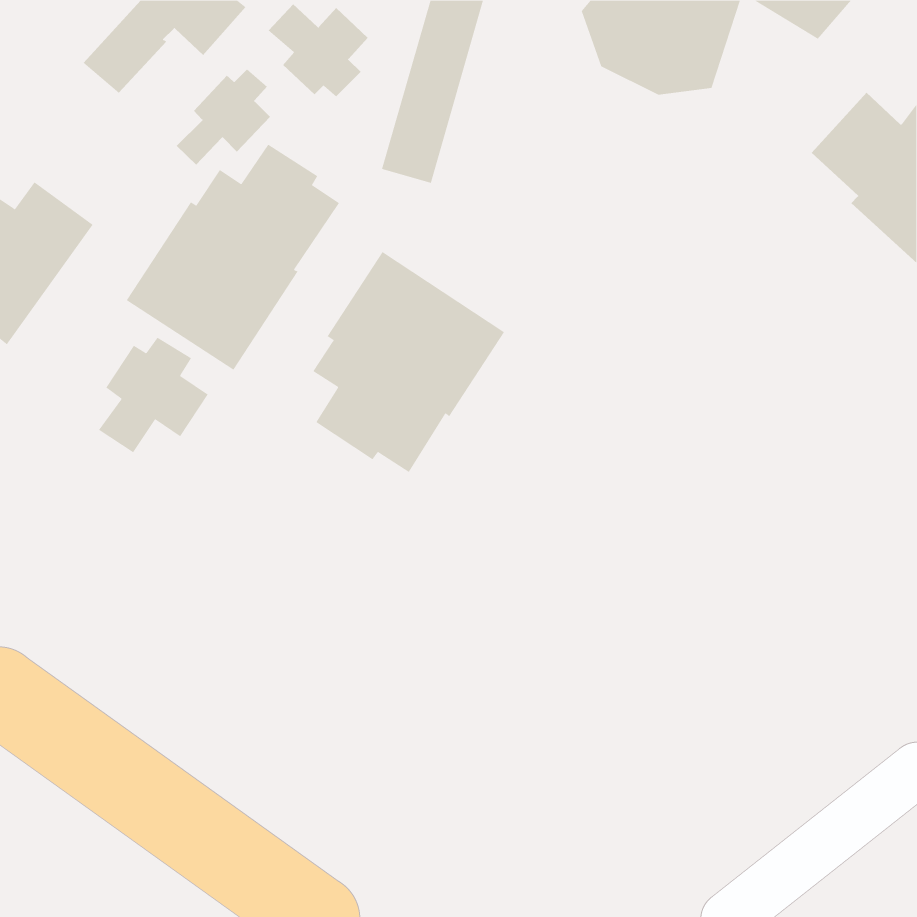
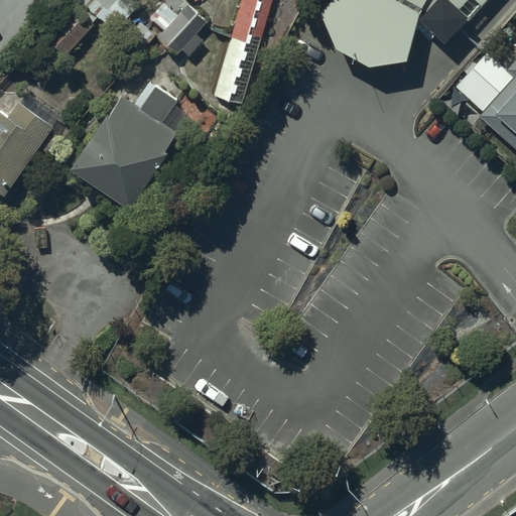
building: [176,68,271,165] -> none
building: [313,251,505,473] -> none
building: [98,337,209,453] -> none

